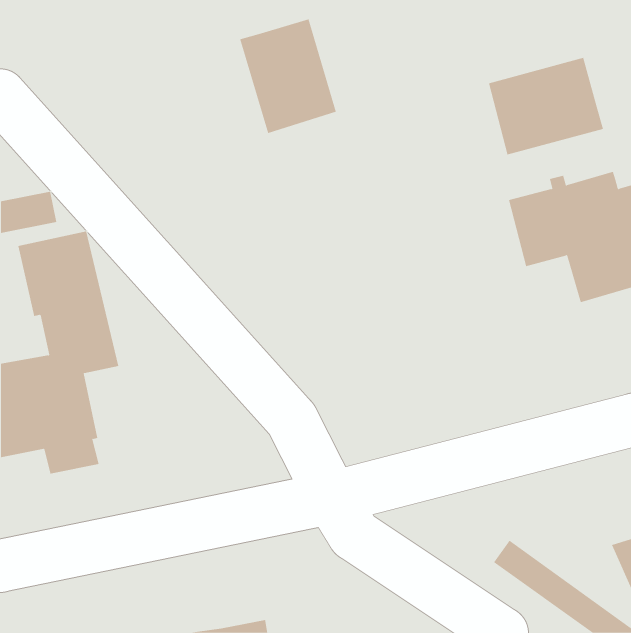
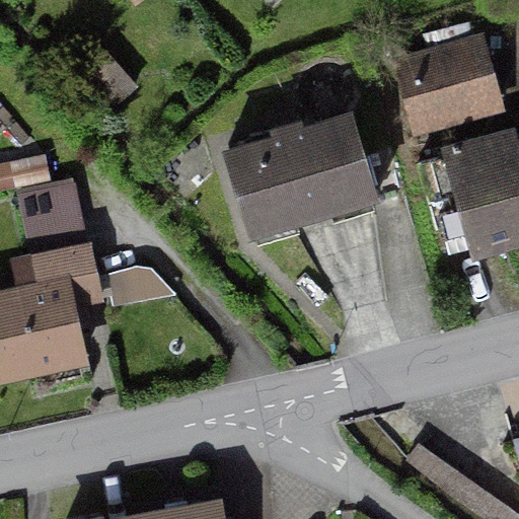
building: [239,19,337,134] -> none
building: none -> [227,118,374,235]

